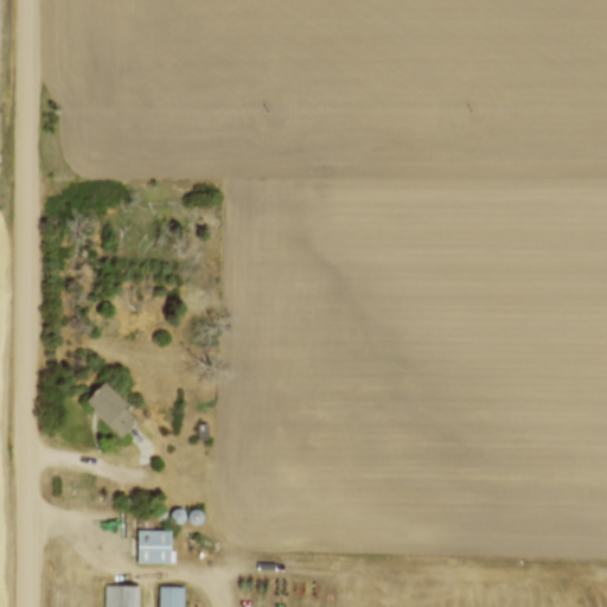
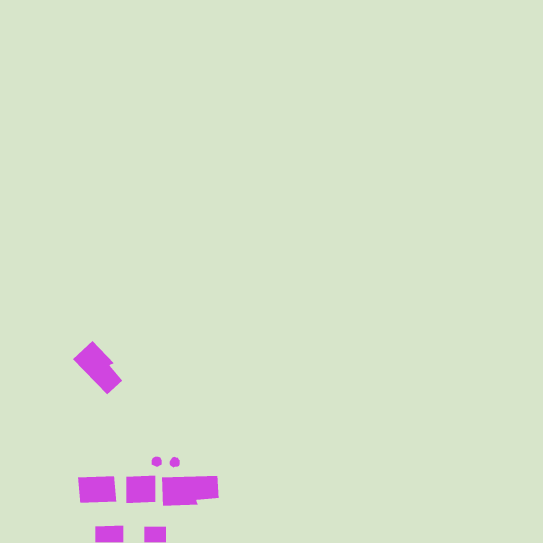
building: none -> [161,475,219,506]
building: none -> [77,475,117,503]

